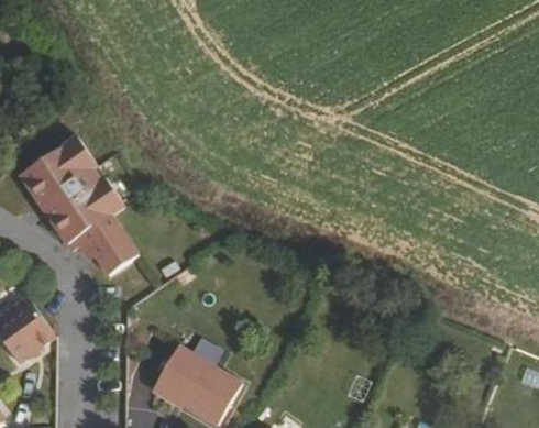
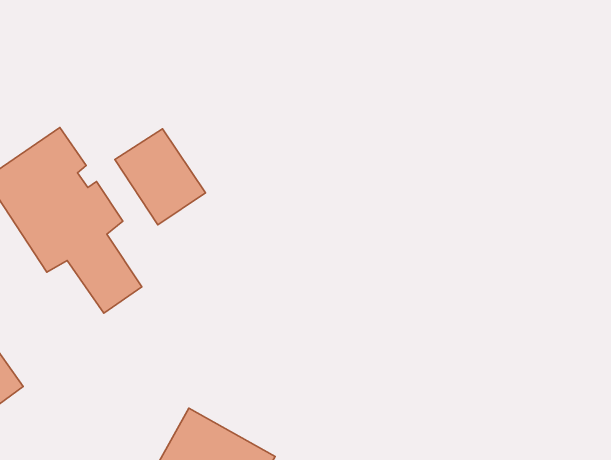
building: none -> [115,129,205,225]

